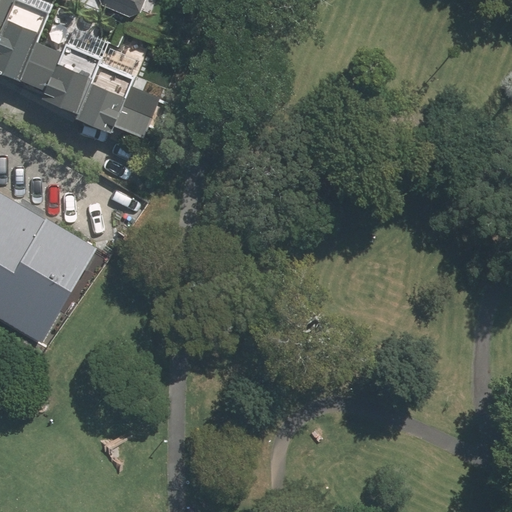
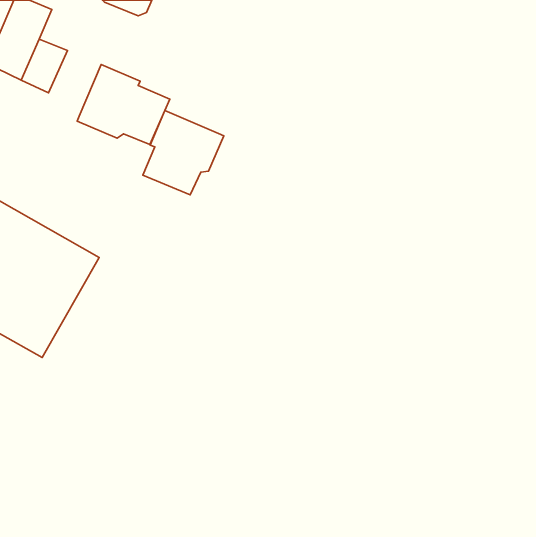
building: [43,45,98,112] -> none
building: none -> [143,110,224,195]

